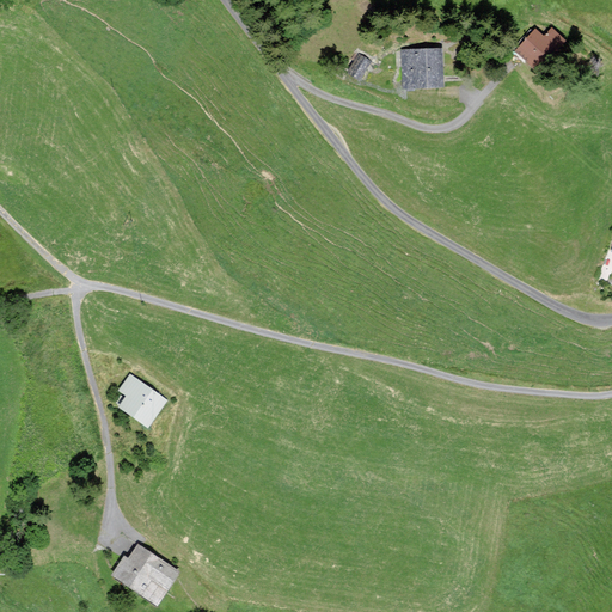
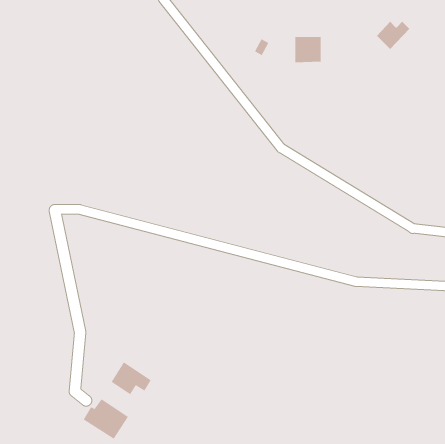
building: [120,374,166,426] -> none
building: none -> [111,361,152,395]

